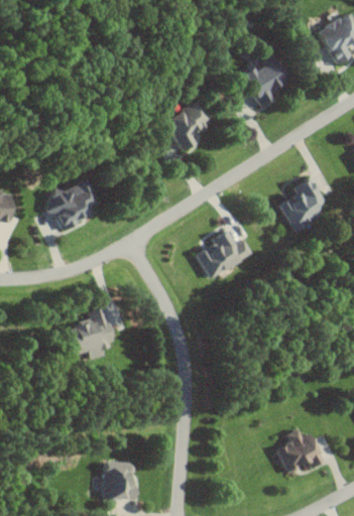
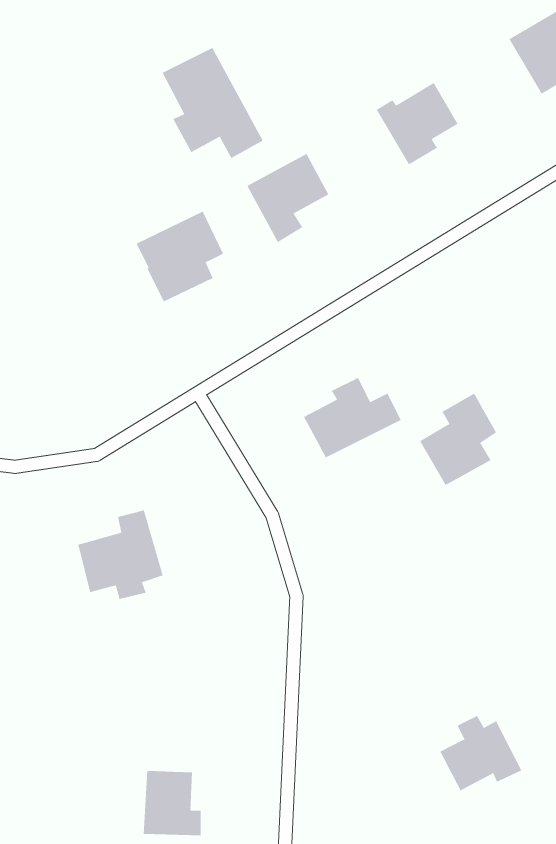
building: none -> [162,47,264,159]
building: [278,176,324,231] -> [419,393,497,486]
building: [44,177,96,231] -> [136,211,224,302]

